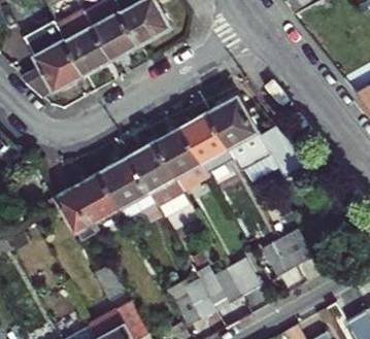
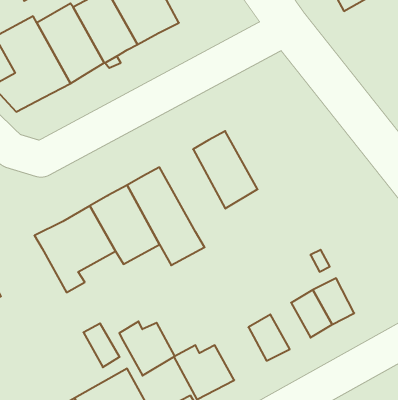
building: [207,96,310,180] -> none
building: [155,127,209,193] -> none
building: [196,268,240,311] -> [119,321,175,376]

